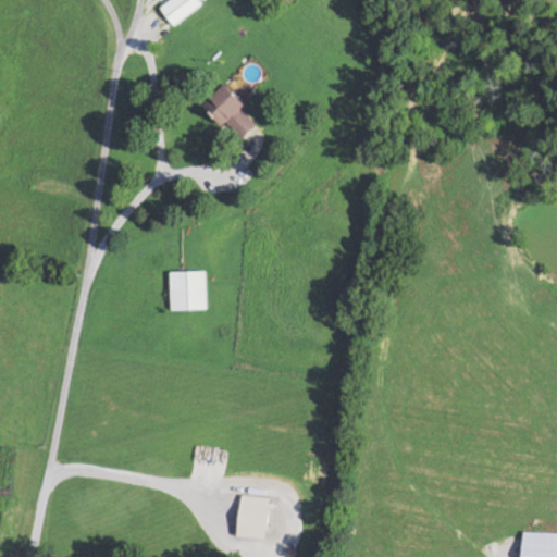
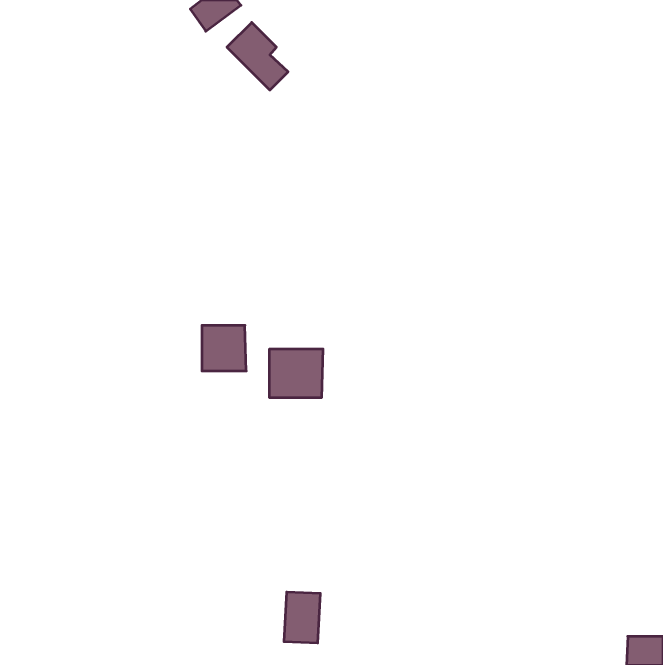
building: [207,84,258,140] -> [227,22,288,90]
building: none -> [270,349,323,398]

